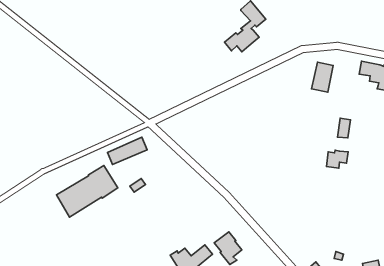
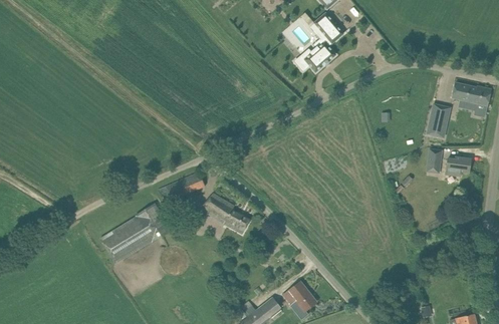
building: [312,62,333,92] -> [426,102,451,137]
building: [327,150,348,168] -> [446,156,471,178]
building: none -> [200,193,250,233]

